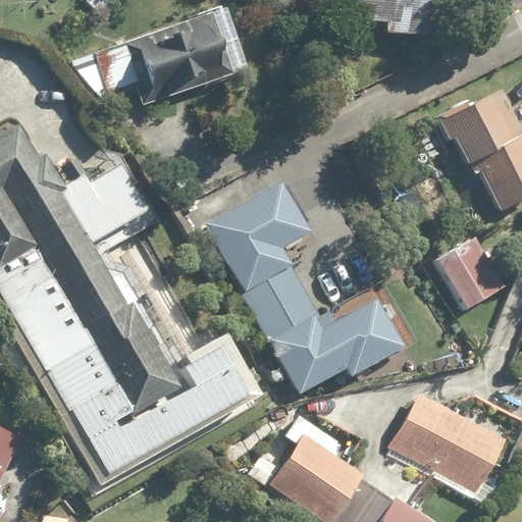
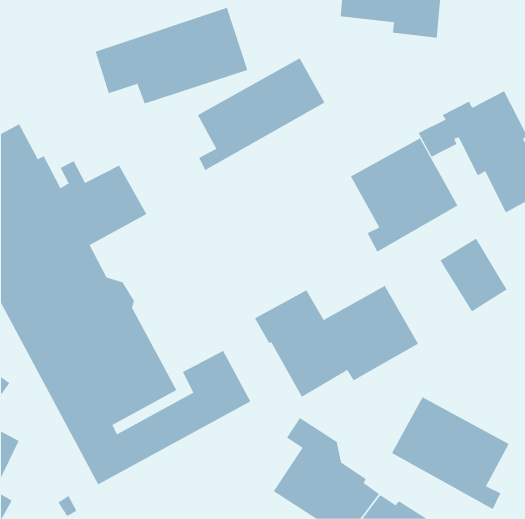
building: none -> [197,57,325,171]
building: none -> [350,138,458,252]
building: [206,179,310,315] -> none

